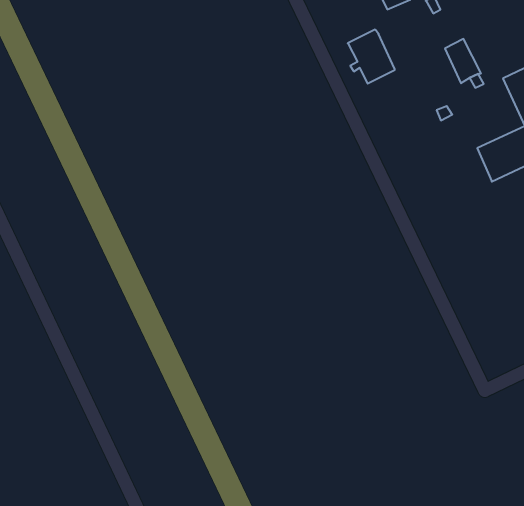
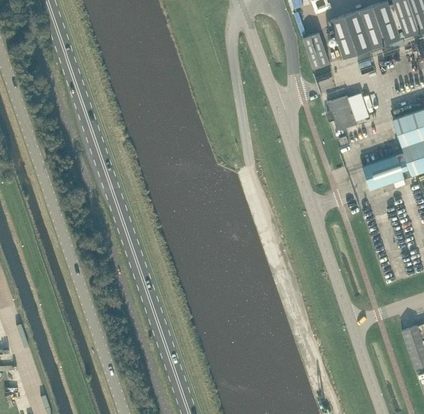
building: [348,30,395,84] -> [329,96,358,131]

